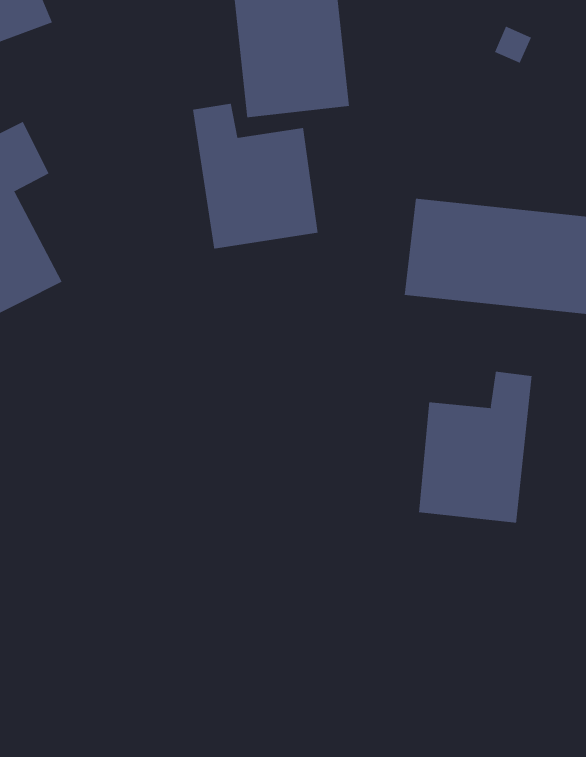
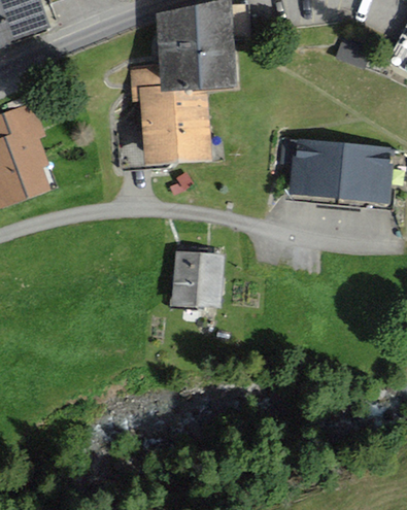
building: [418,371,532,524] -> none
building: none -> [168,249,218,304]

